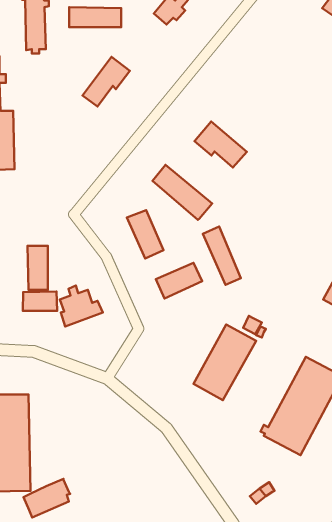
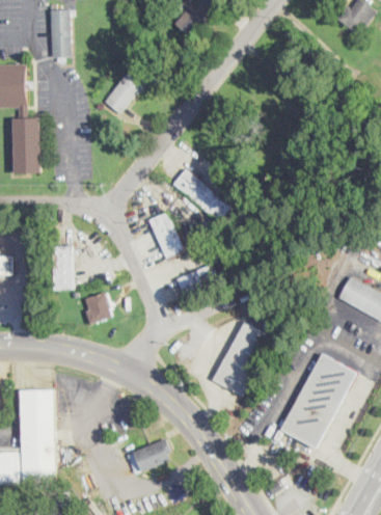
building: [69,7,121,27] -> none
building: [194,121,247,168] -> none
building: [203,227,241,285] -> none
building: [23,292,57,311] -> none
building: [24,479,70,518] -> [125,438,169,476]

